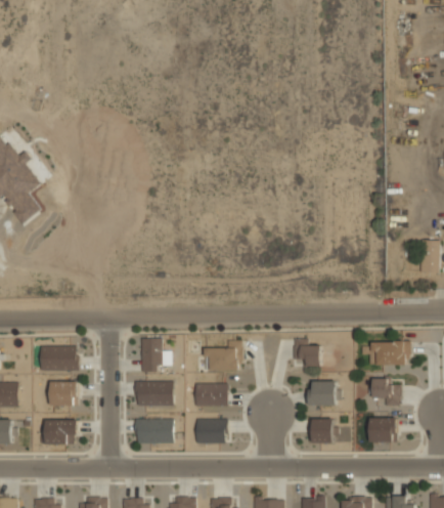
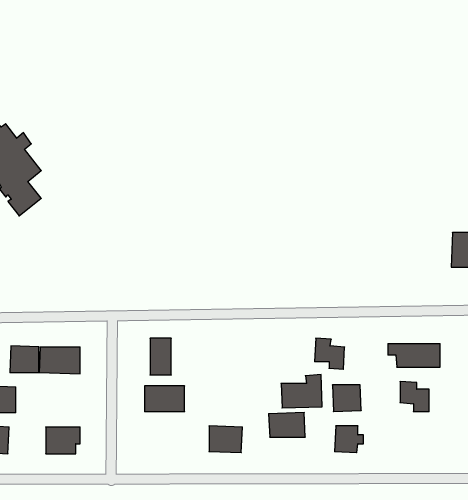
building: [204,340,241,371] -> [281,375,322,408]
building: [49,381,76,406] -> [10,346,39,373]
building: [193,383,227,406] -> [269,413,305,437]
building: [368,418,396,442] -> none
building: [135,419,173,443] -> none

